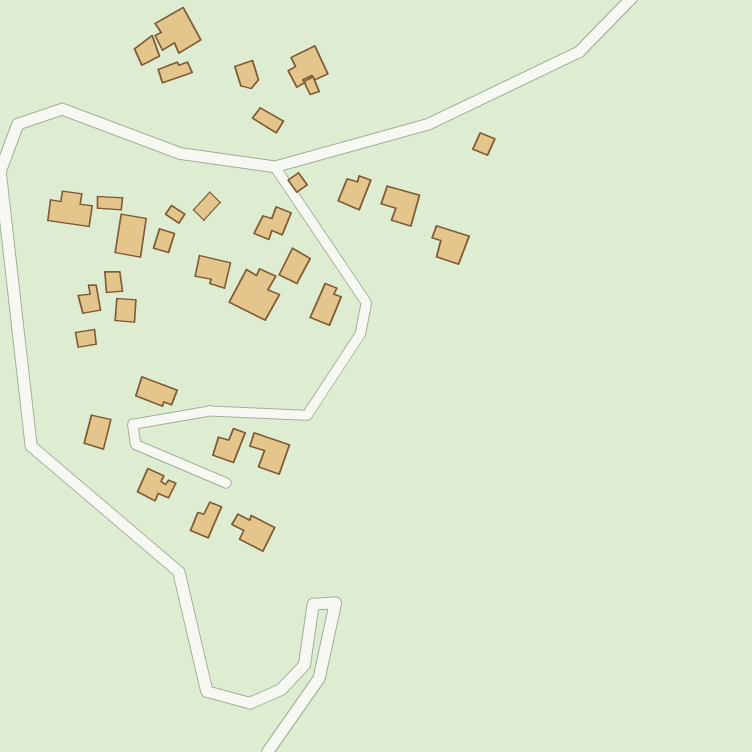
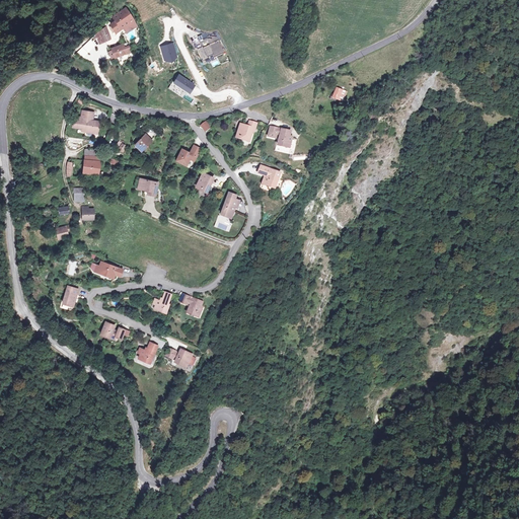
building: [48,191,92,226] -> [72,108,102,133]
building: [432,226,469,264] -> [260,163,285,190]
building: [229,269,279,320] -> none

